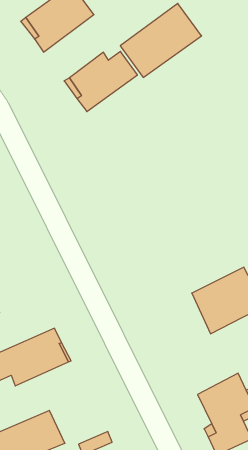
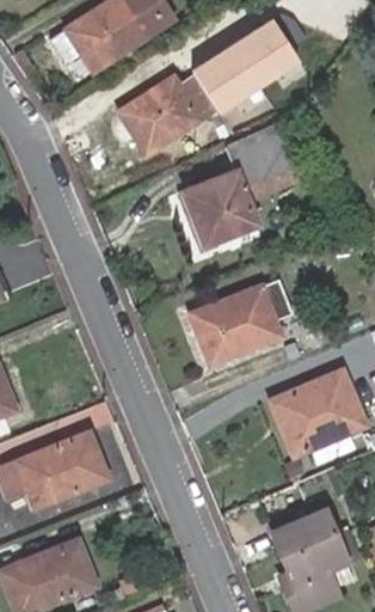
building: none -> [184,127,301,246]
building: none -> [190,276,293,365]

